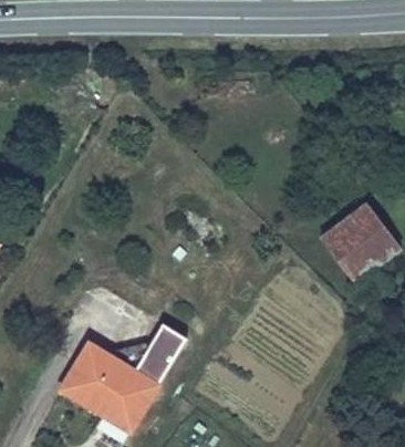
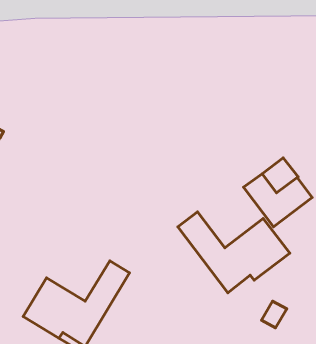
building: none -> [178,212,290,293]

